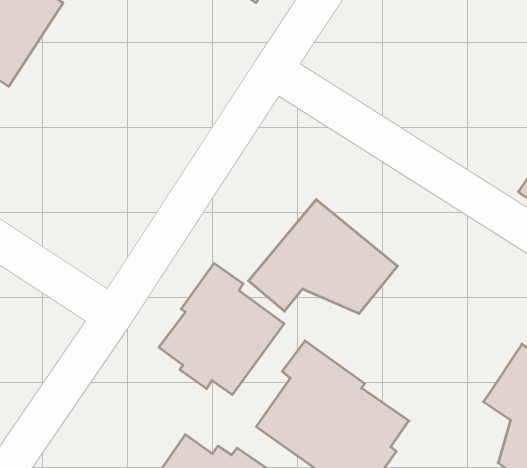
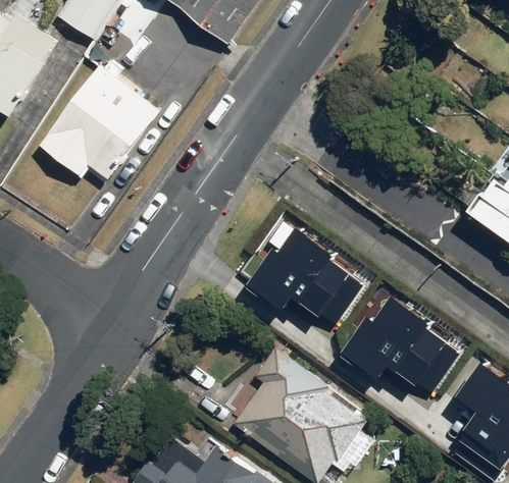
building: none -> [41,64,161,180]
building: [159,263,284,395] -> none
building: none -> [332,289,463,402]

